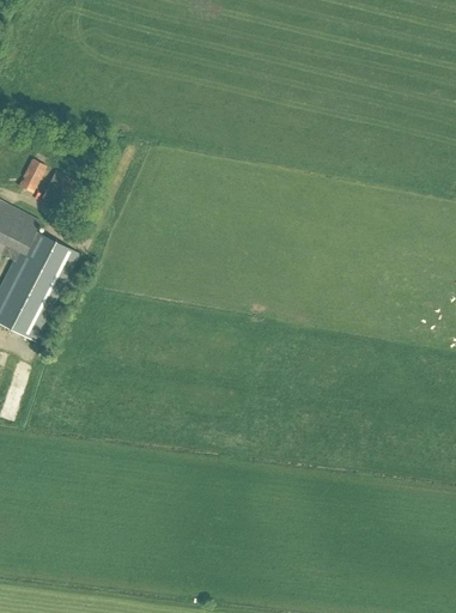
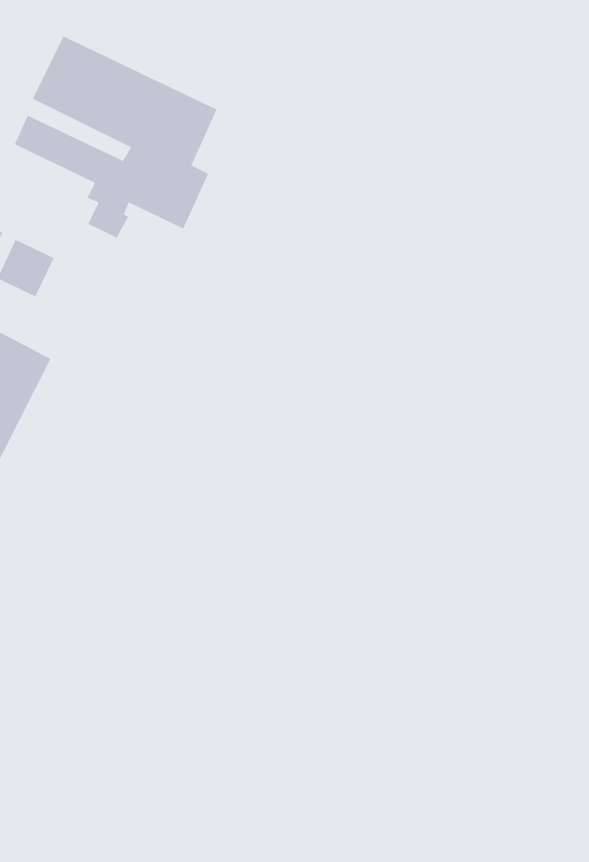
building: none -> [14,36,217,238]

